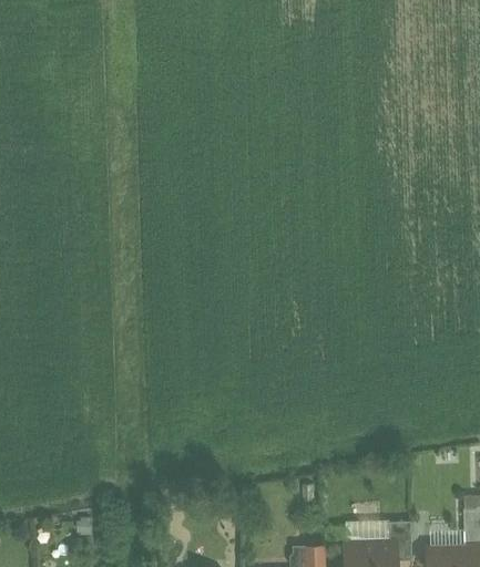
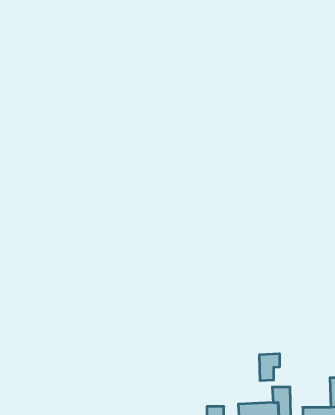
building: none -> [260,354,279,381]

